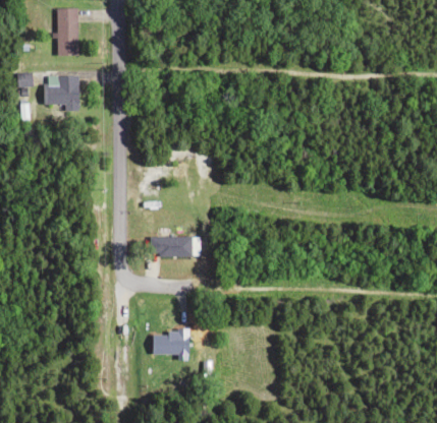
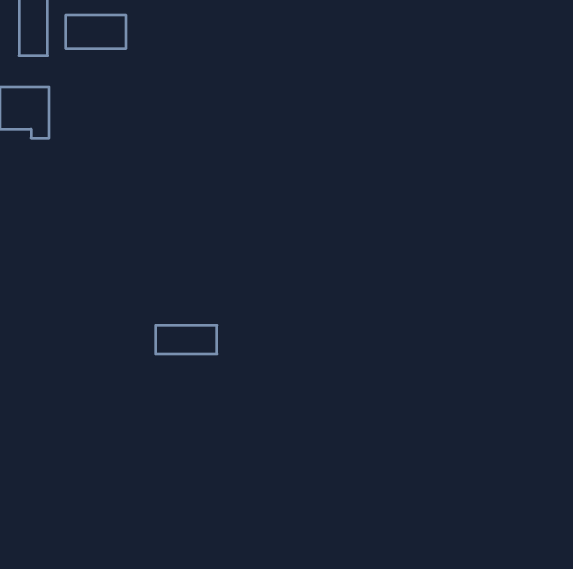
building: none -> [66,15,126,49]
building: [154,335,190,354] -> none

